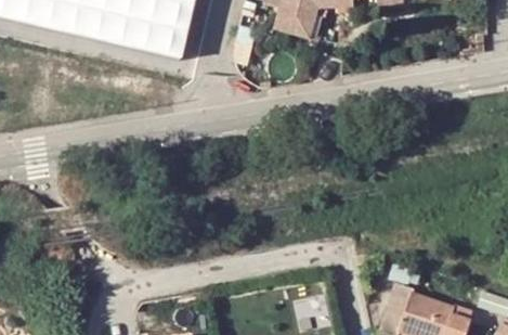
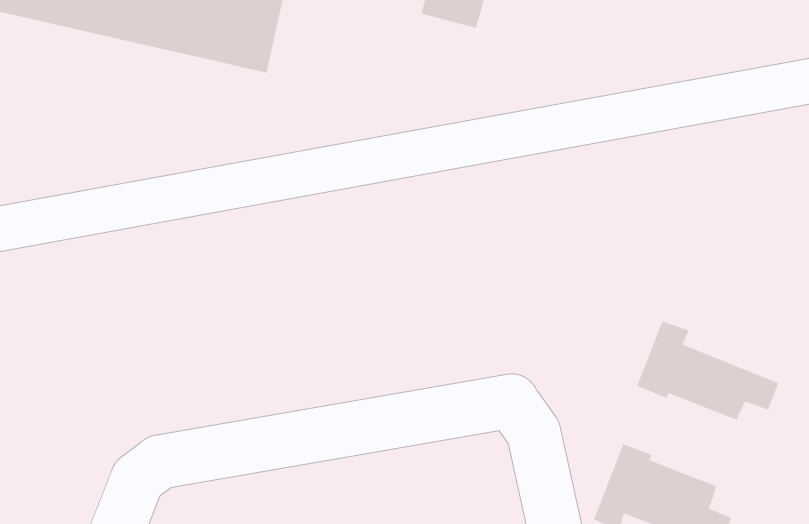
building: none -> [637,320,779,420]

